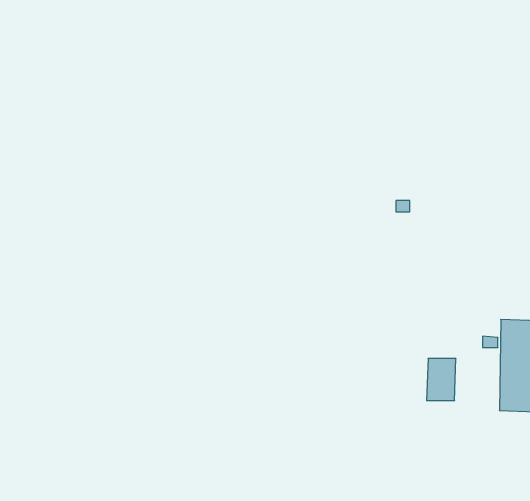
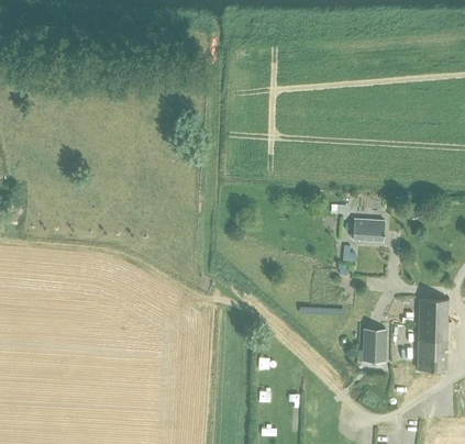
building: none -> [353,219,384,241]

